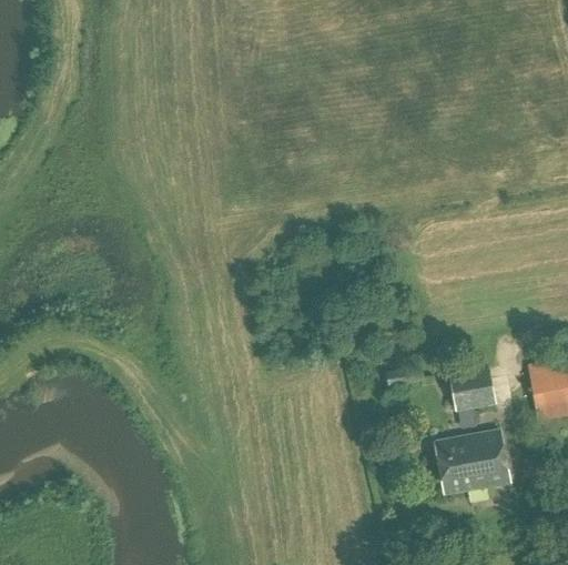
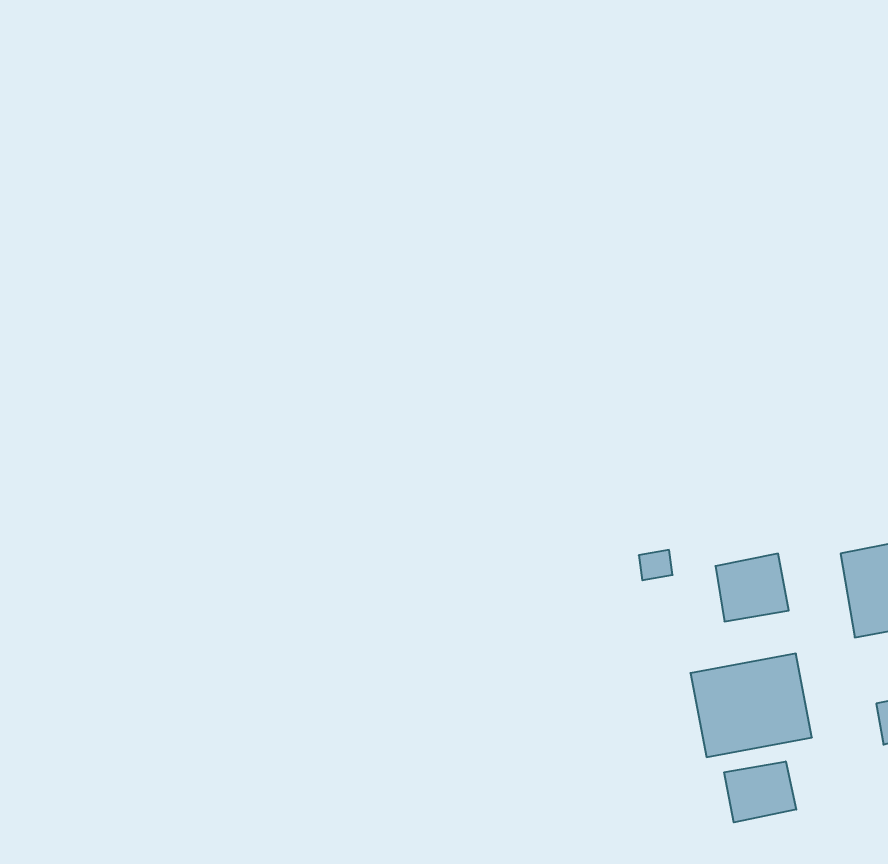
building: none -> [724,761,796,822]

